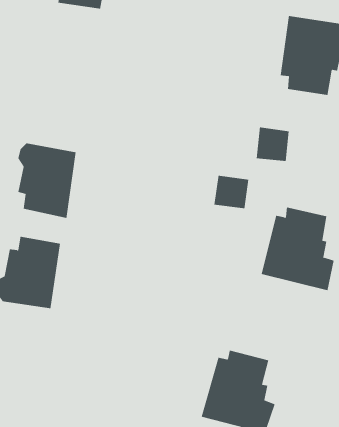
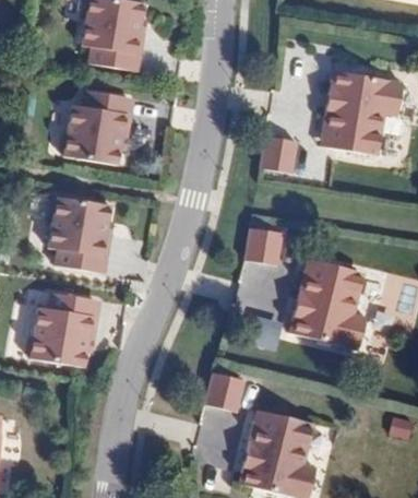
building: none -> [62,81,131,156]
building: [256,127,290,162] -> [262,137,297,173]
building: none -> [208,374,247,412]

